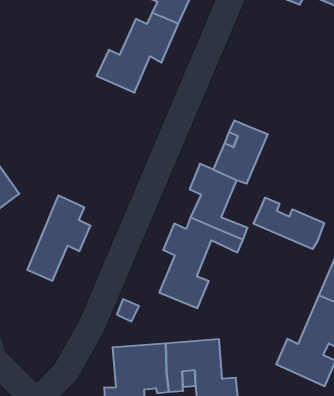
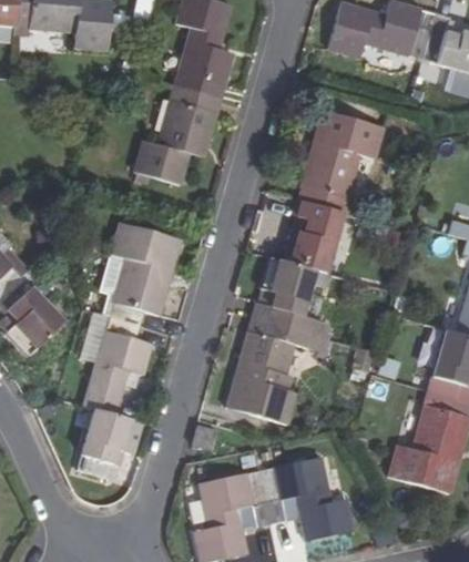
building: none -> [302,109,383,213]
building: none -> [100,226,182,326]
building: [254,198,324,249] -> none
building: none -> [77,409,130,479]

